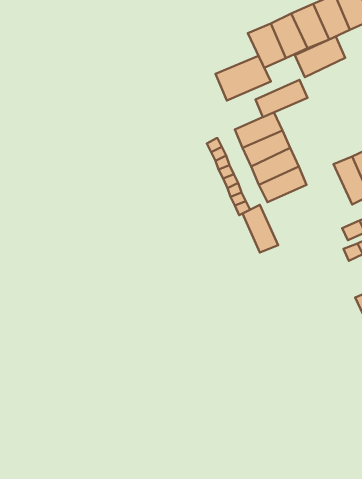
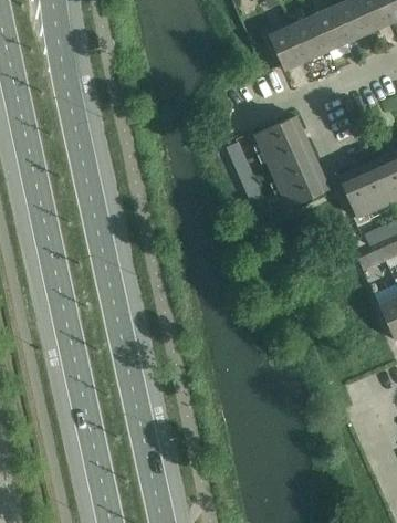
building: [295,37,345,77] -> none
building: [215,56,271,100] -> none
building: [256,80,308,117] -> none
building: [242,205,278,253] -> [337,169,374,218]

